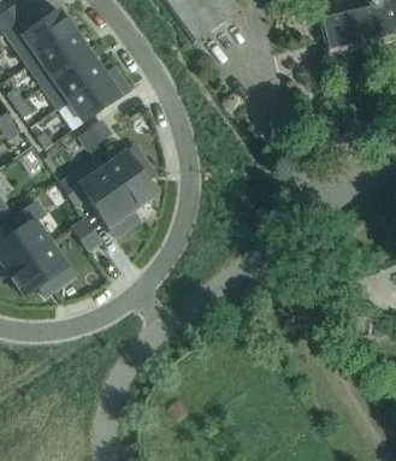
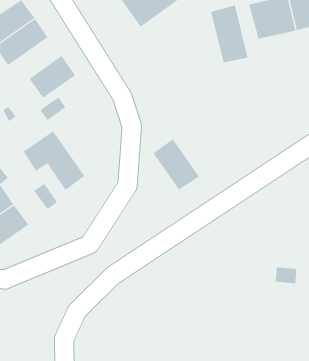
building: none -> [210,4,248,63]
building: [45,53,106,107] -> none
building: [96,152,156,211] -> [147,139,200,190]

